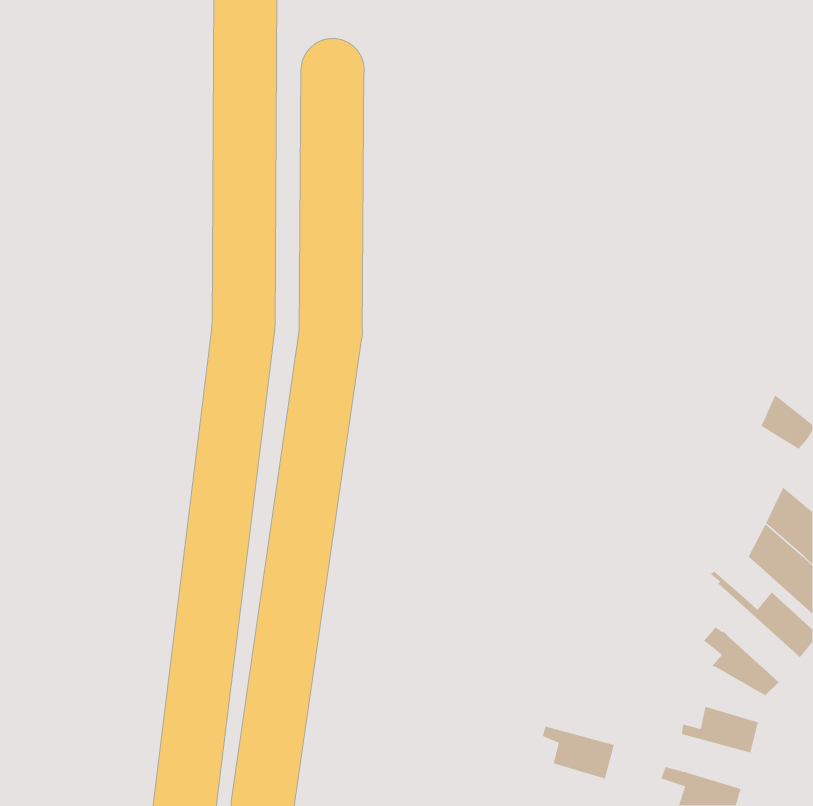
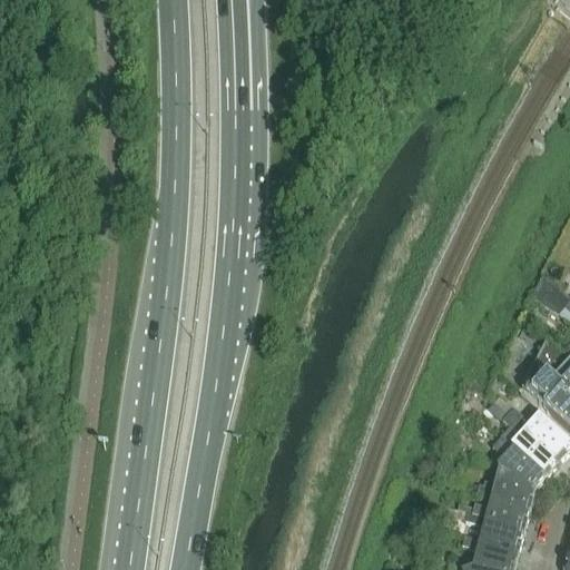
building: none -> [498,409,560,478]
building: none -> [482,468,535,505]
building: [542,726,615,780] -> [474,514,525,552]

